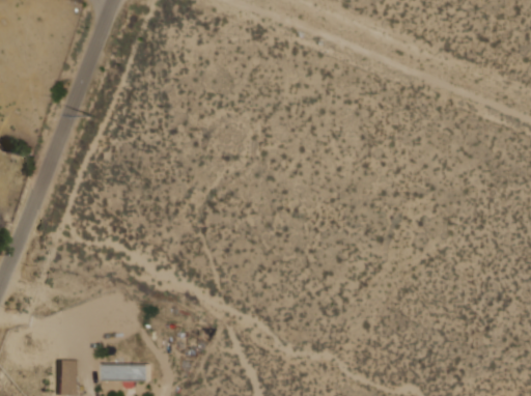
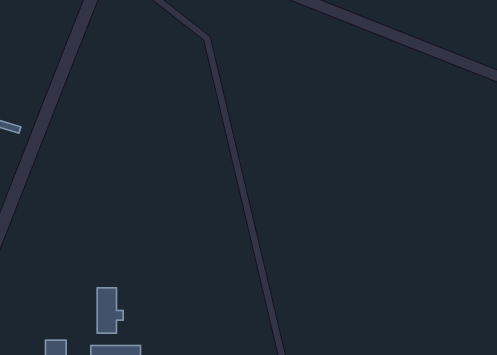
building: none -> [97,288,123,333]

